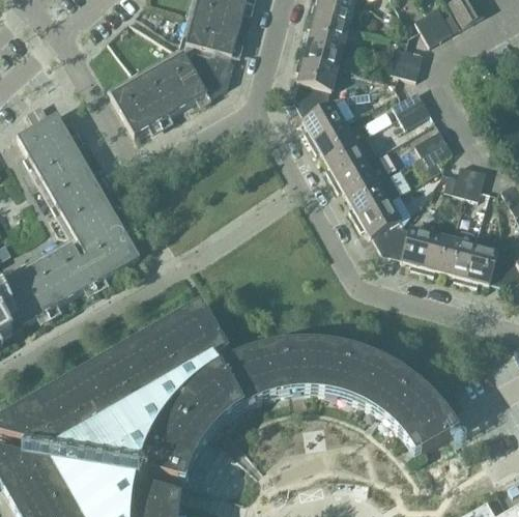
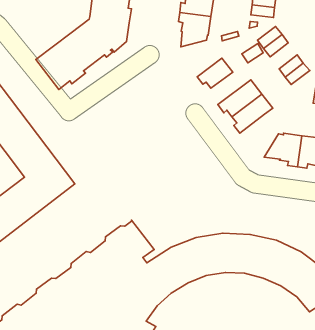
building: [294,95,344,140] -> none
building: [325,134,377,178] -> none
building: [354,198,403,252] -> none

